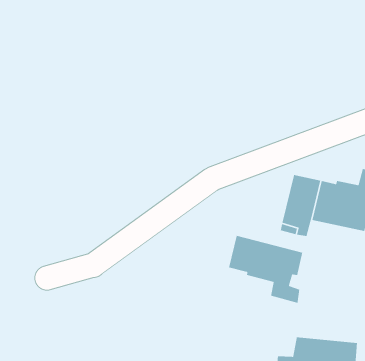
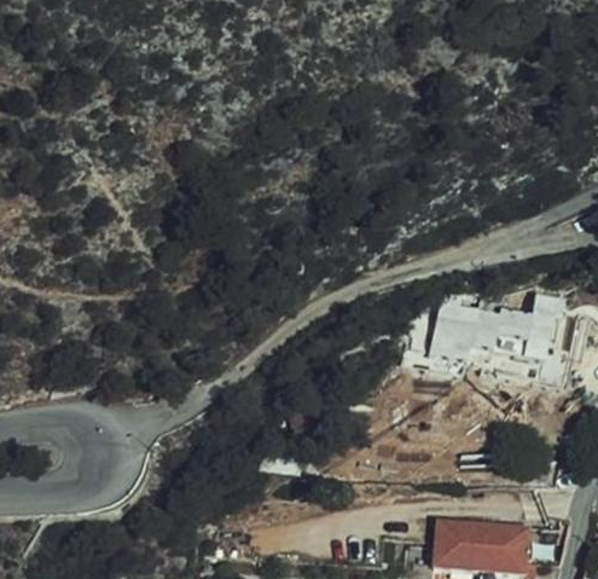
building: [228,235,303,304] -> none

